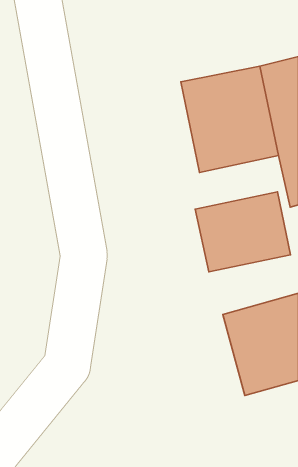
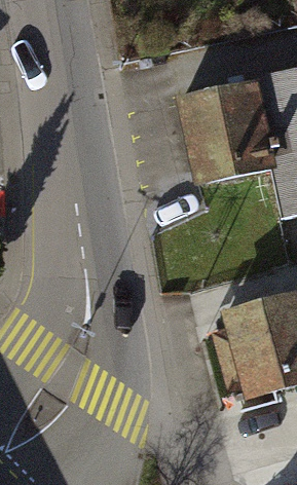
building: [195,192,290,272] -> none

